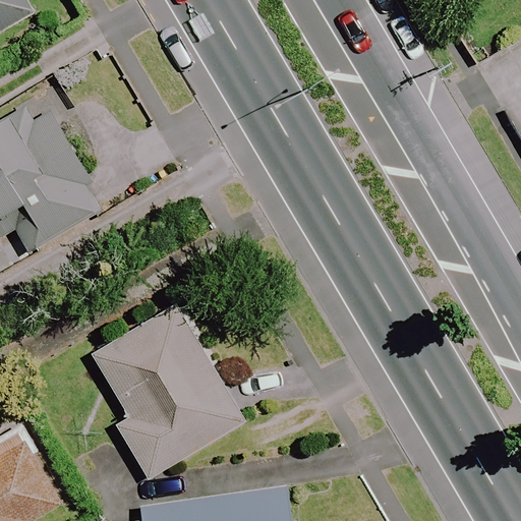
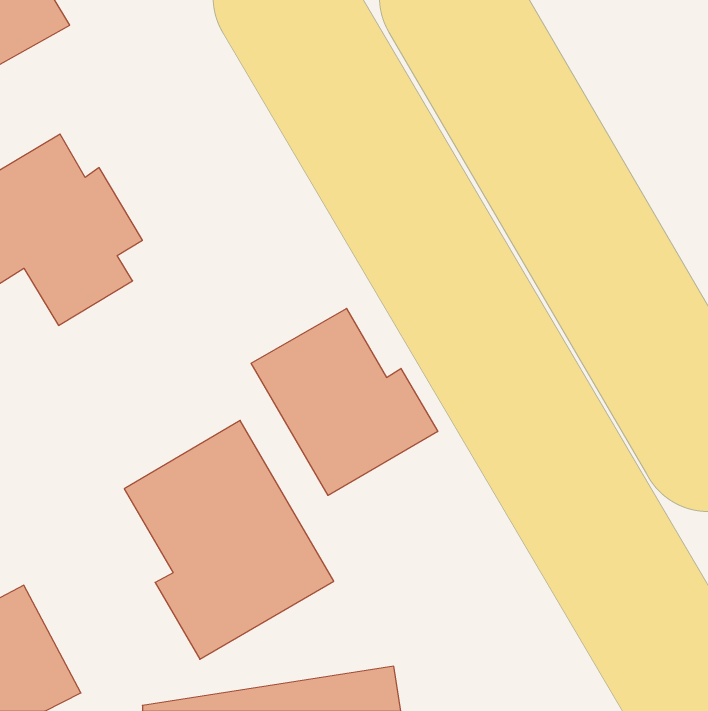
building: none -> [251,308,438,495]

